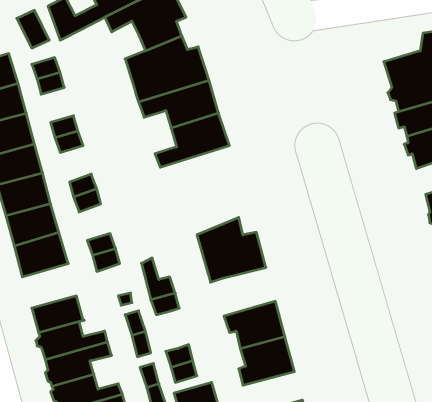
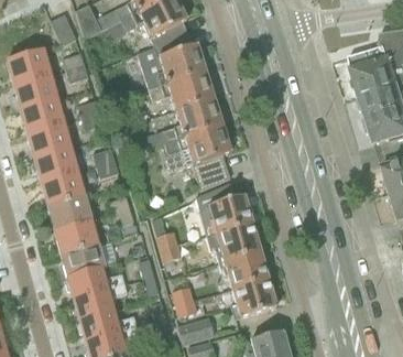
building: none -> [164,123,231,190]
building: none -> [54,219,98,256]
building: none -> [207,223,260,262]

